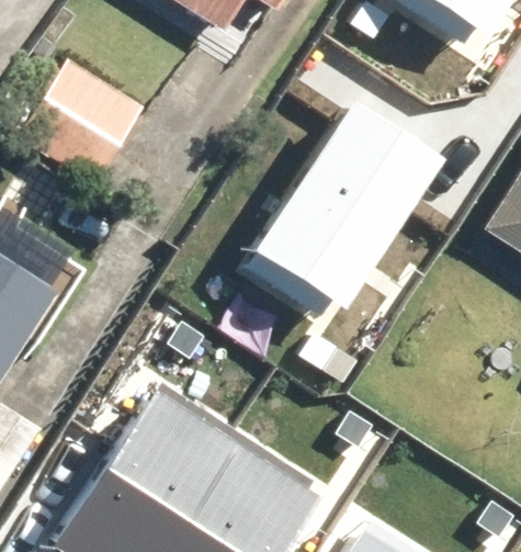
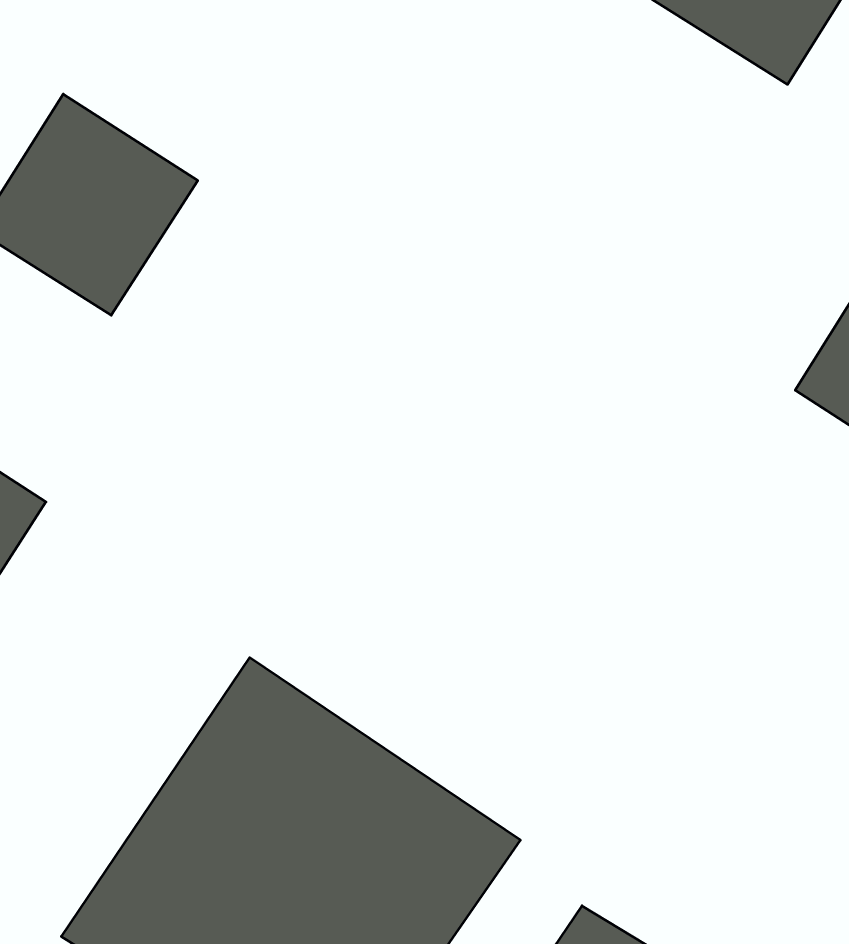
building: [251,99,444,315] -> none

